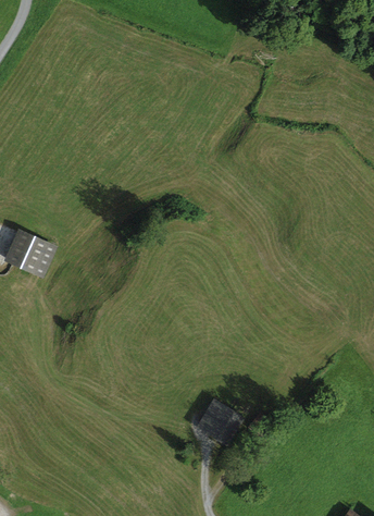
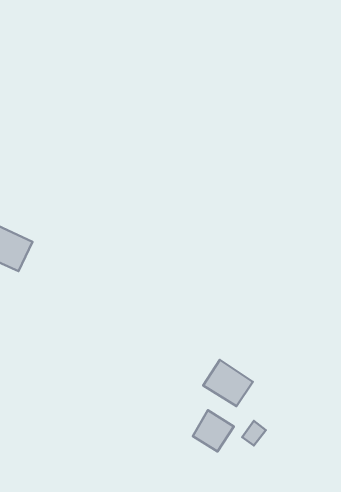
building: none -> [203,360,253,406]

